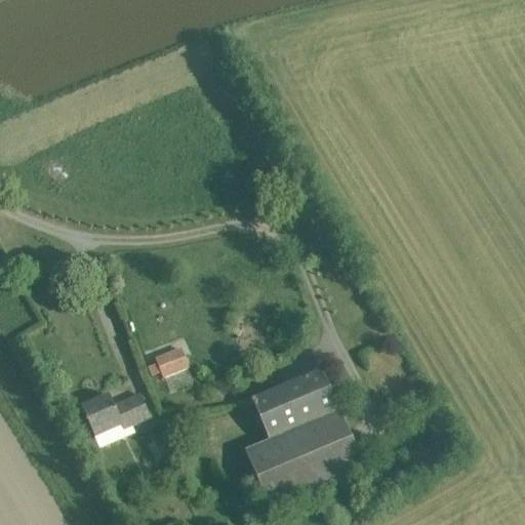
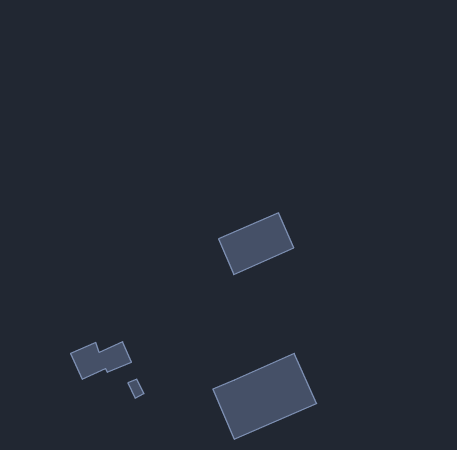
building: [157,345,190,375] -> none
building: [251,365,337,436] -> [219,213,294,275]

